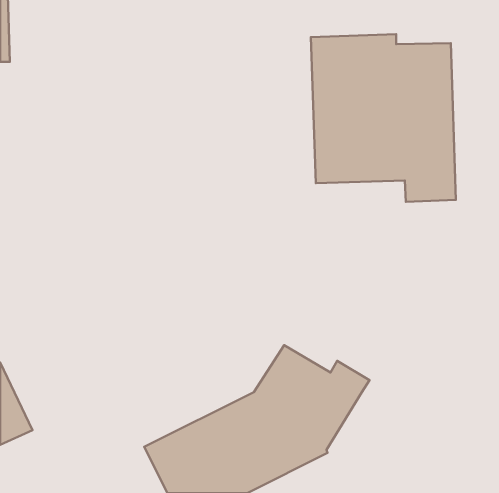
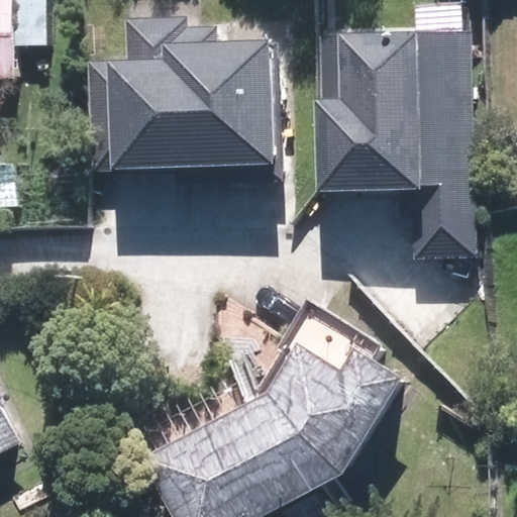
building: none -> [91,26,266,164]

